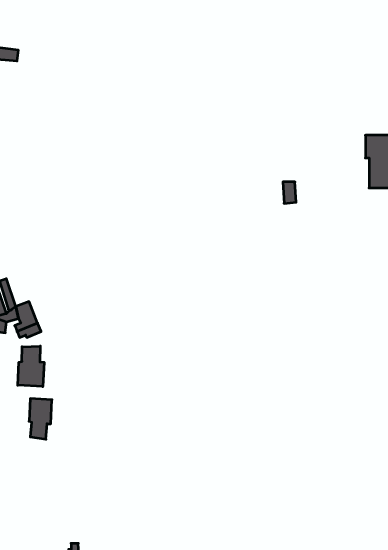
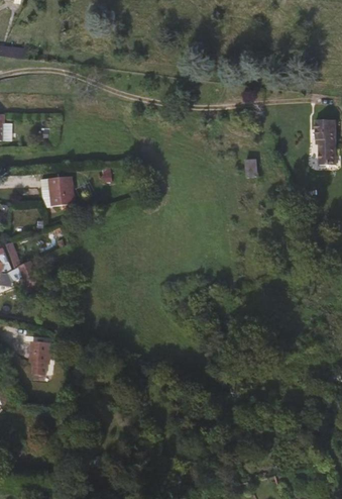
building: none -> [40,177,74,205]
building: [18,346,44,387] -> none

